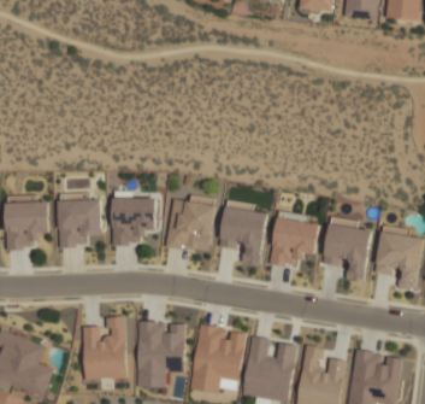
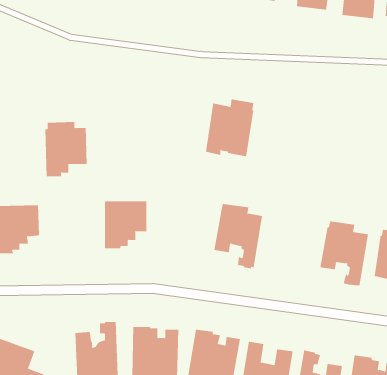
building: [59,193,101,247] -> [45,121,88,177]
building: [166,194,214,251] -> [205,99,254,157]
building: [270,217,319,267] -> none

